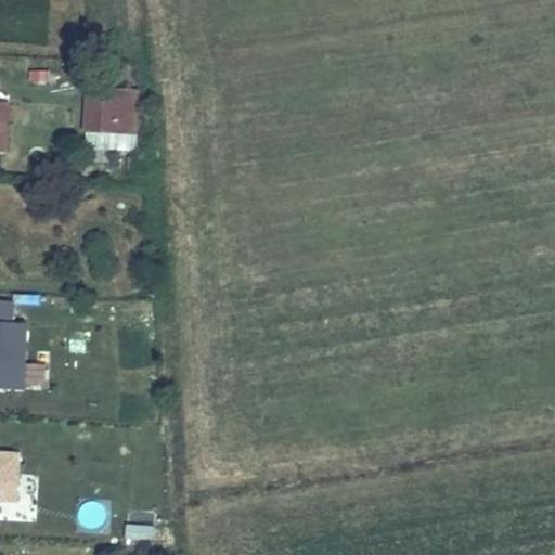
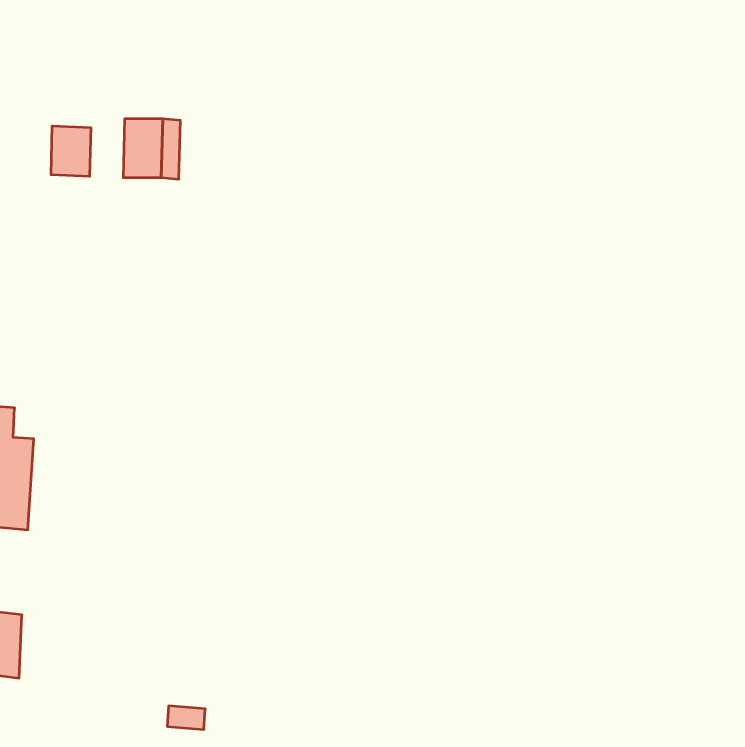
building: none -> [51,126,91,176]

